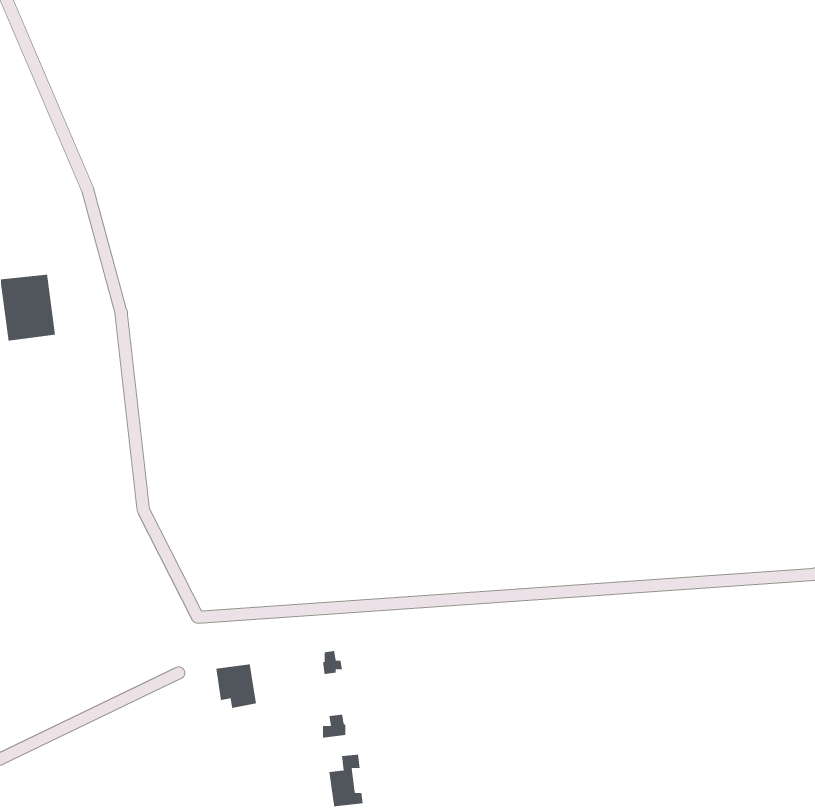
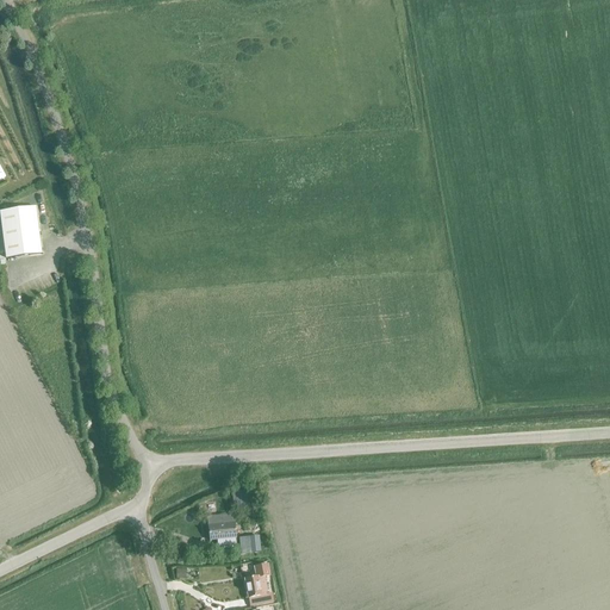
building: [215,664,257,708] -> [207,513,238,547]

